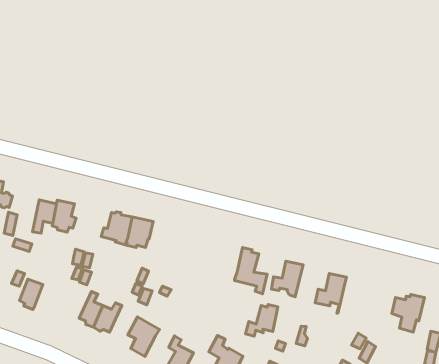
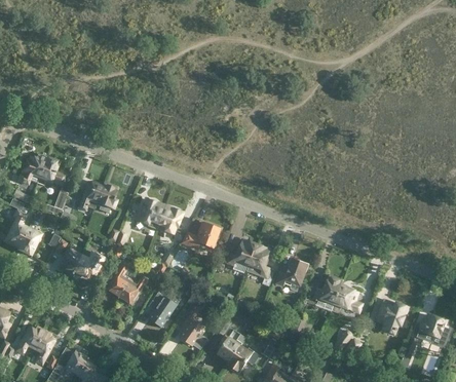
building: none -> [181,222,220,249]
building: none -> [70,252,103,277]
building: none -> [331,285,362,313]
building: [245,305,278,336] -> [225,240,256,266]

